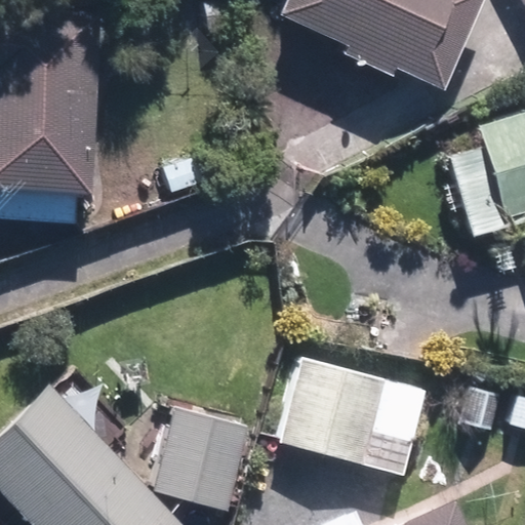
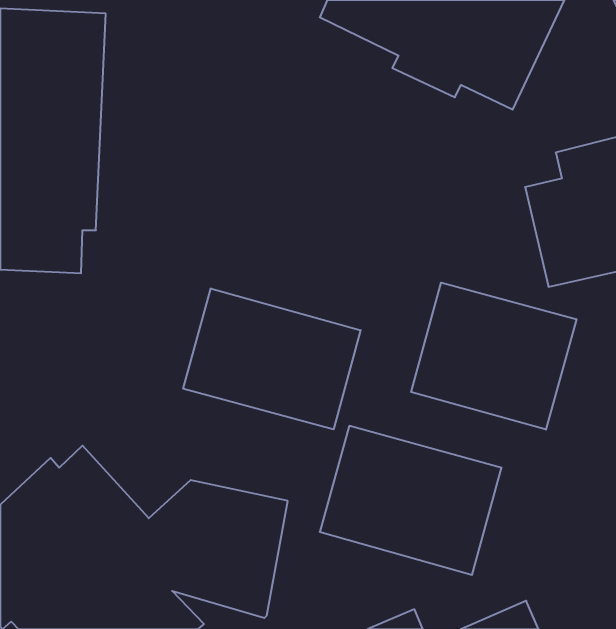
building: none -> [411,283,576,430]
building: none -> [183,288,361,429]

